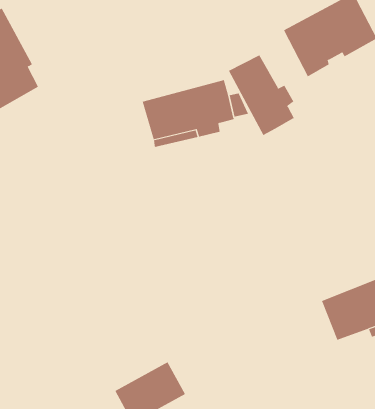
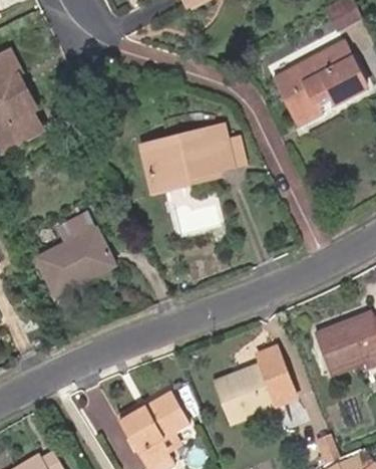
building: [228,55,295,136] -> none
building: none -> [32,222,116,294]
building: none -> [212,346,292,420]

